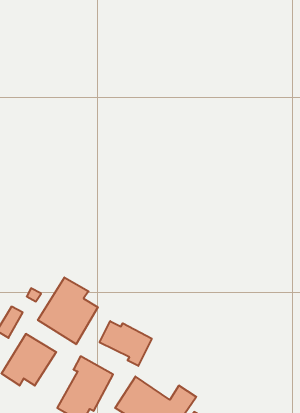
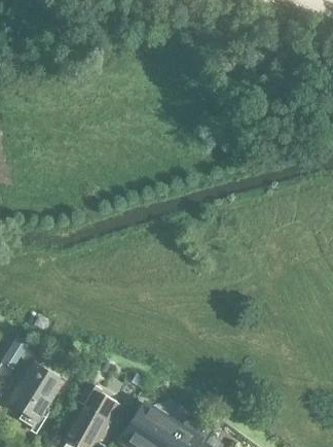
building: [38,277,98,344] -> none
building: [100,321,152,366] -> none

